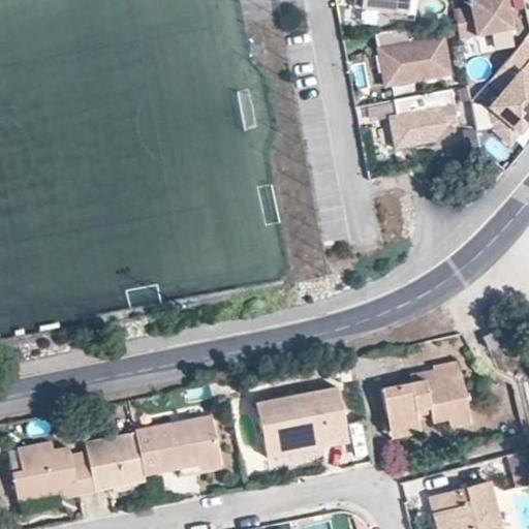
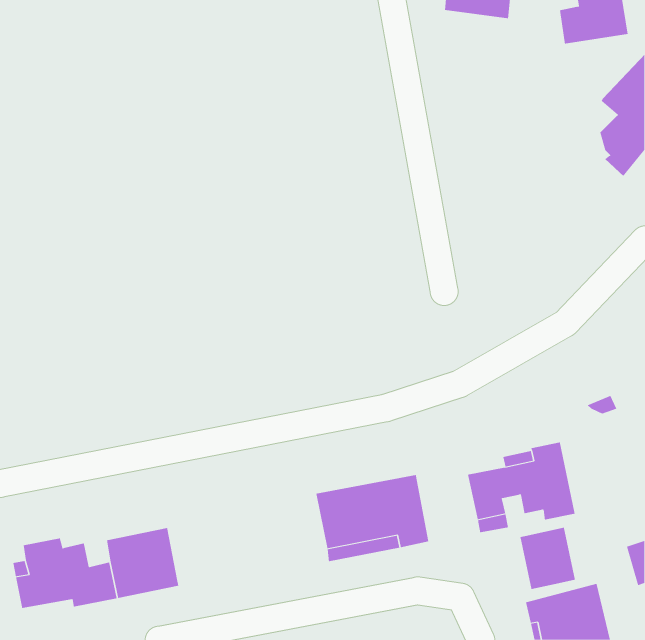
building: [375,29,454,87] -> none
building: [393,93,459,152] -> none
building: [137,415,223,474] -> none
building: none -> [520,527,575,590]

